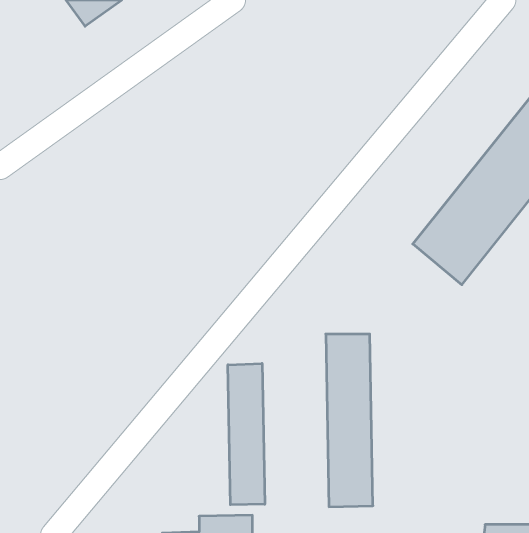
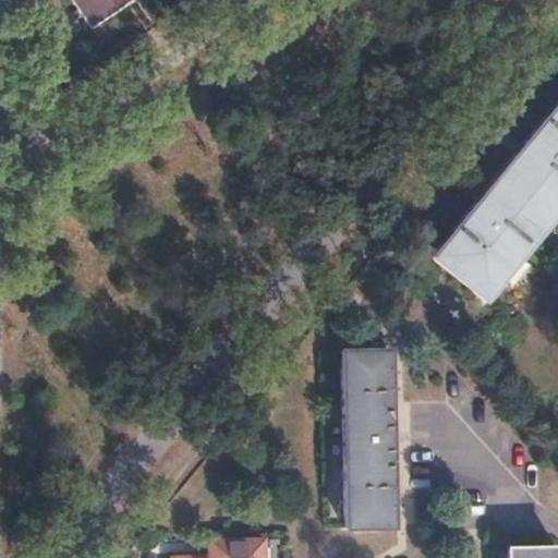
building: [228,363,265,505] -> none

